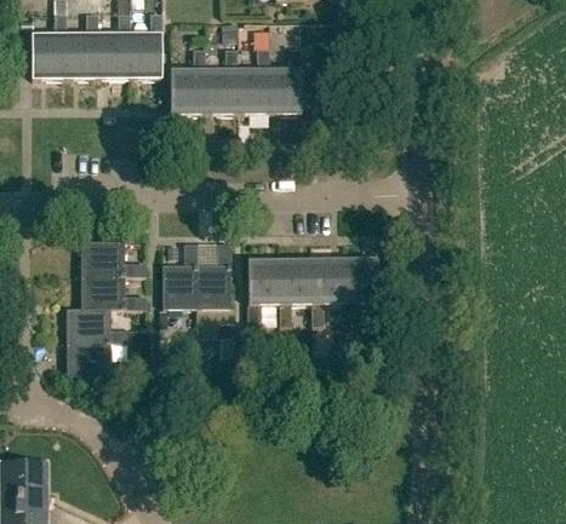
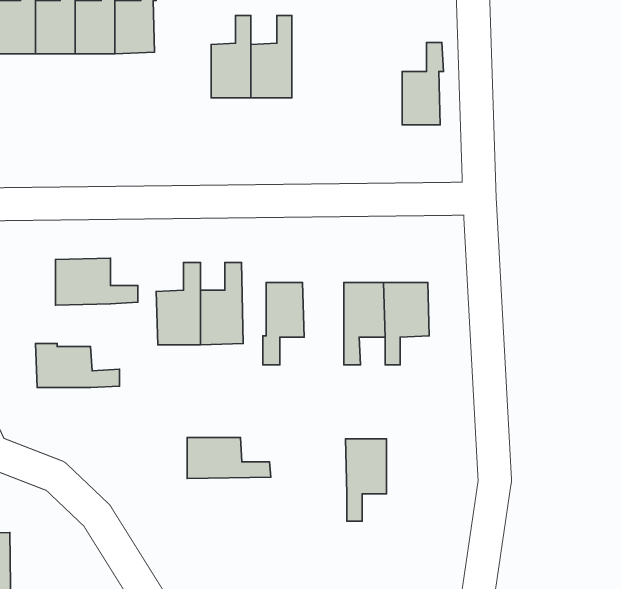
building: [170,47,206,113] -> none
building: [270,47,303,113] -> [402,42,443,125]
building: [279,259,311,324] -> [345,439,387,521]
building: [82,276,149,310] -> none
building: [68,342,135,375] -> [187,437,271,479]

